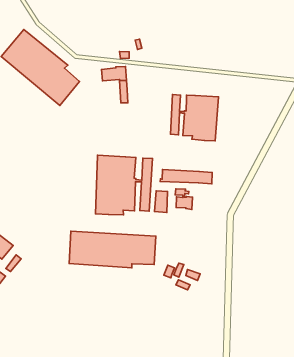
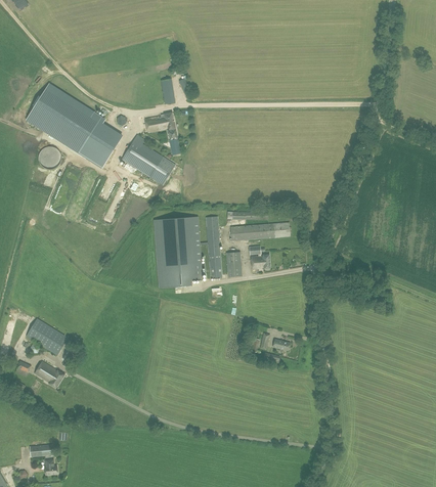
building: none -> [122,134,175,184]
building: [171,95,219,141] -> none
building: [69,231,156,268] -> none

